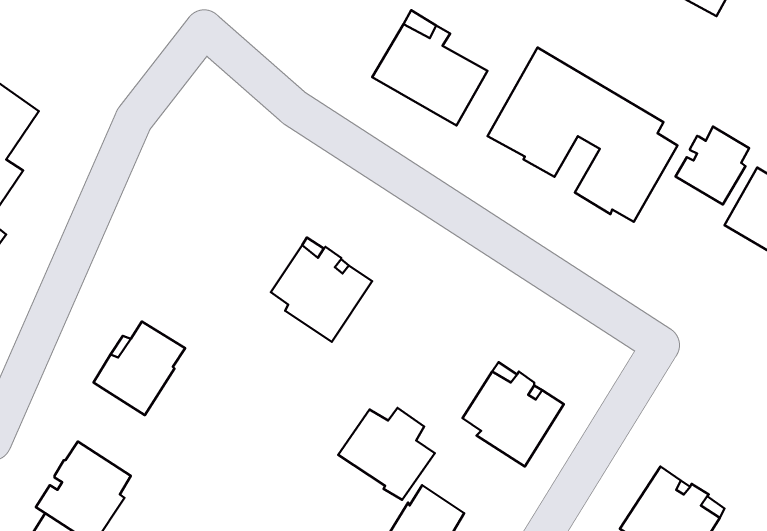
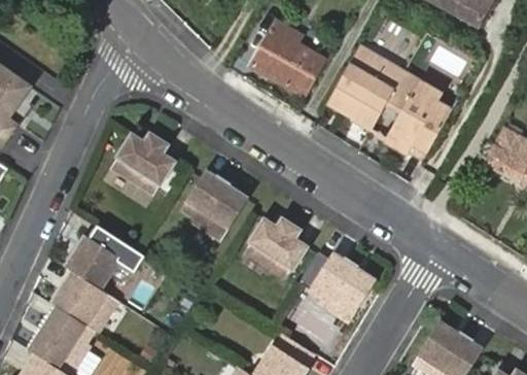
building: [675,127,749,205] -> none
building: none -> [113,134,177,195]
building: none -> [51,270,115,330]
building: [338,408,435,500] -> [245,218,309,279]

